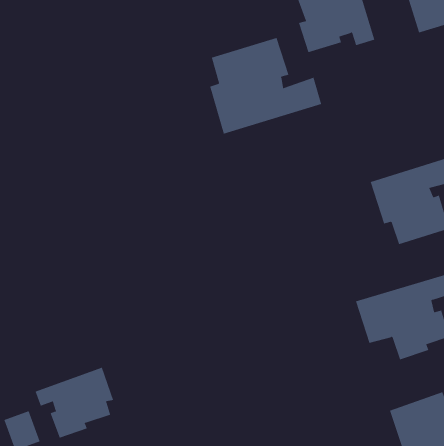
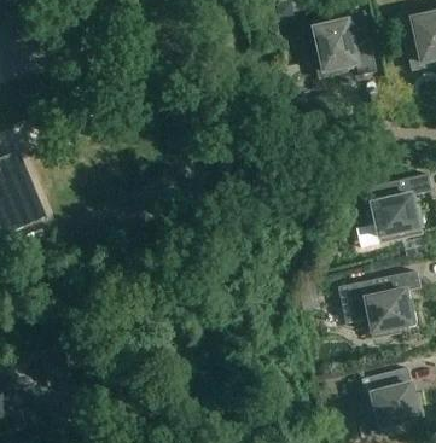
building: [209,37,322,135] -> none
building: [35,367,114,438] -> none

